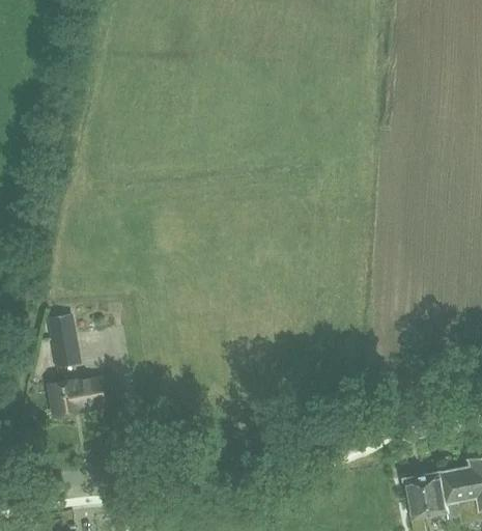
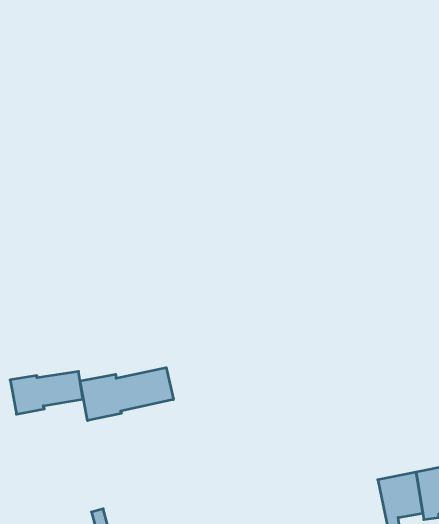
building: [48,313,82,366] -> none
building: none -> [80,368,173,421]

